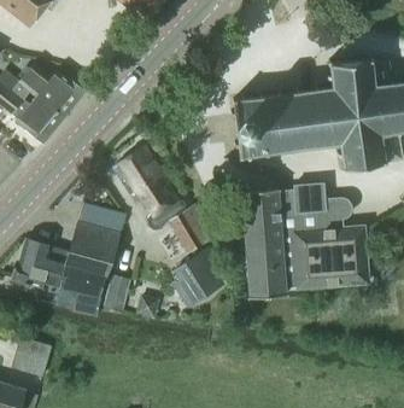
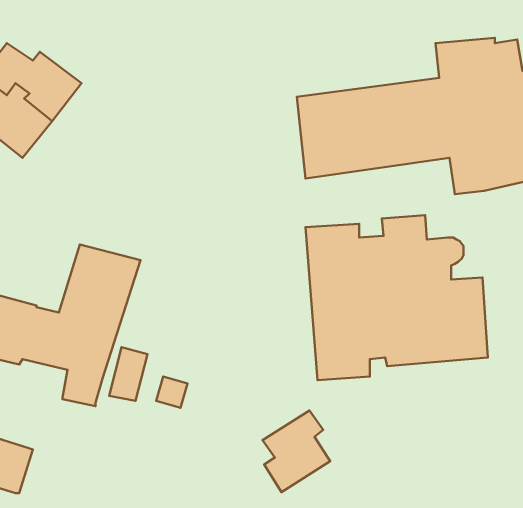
building: [112,146,212,251] -> none
building: [175,249,222,305] -> [263,411,330,492]

